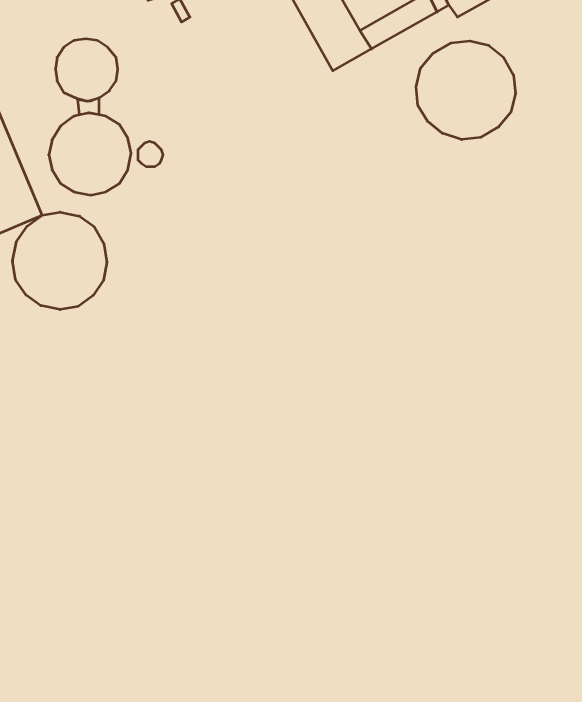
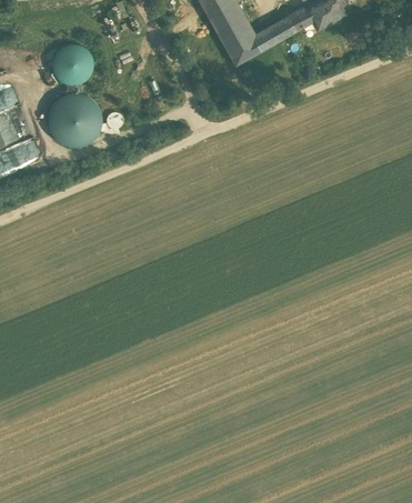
building: [416,41,515,140] -> none
building: [13,212,107,310] -> none

